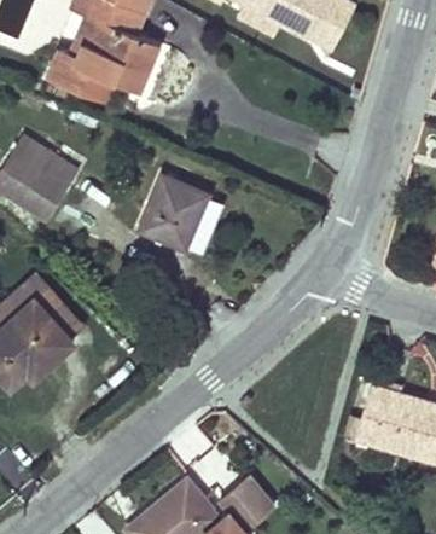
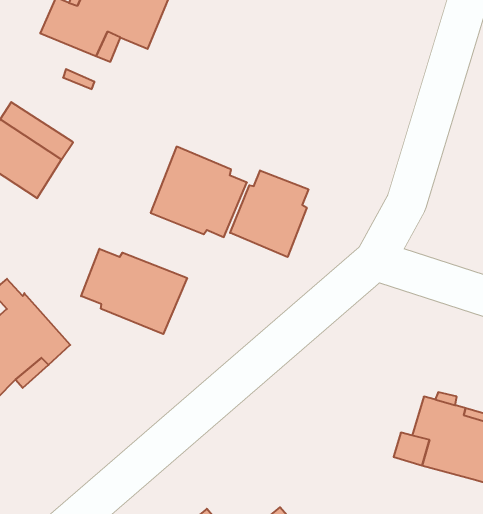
building: none -> [230,170,308,257]
building: none -> [81,249,187,334]

